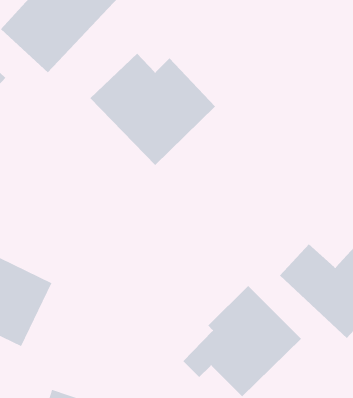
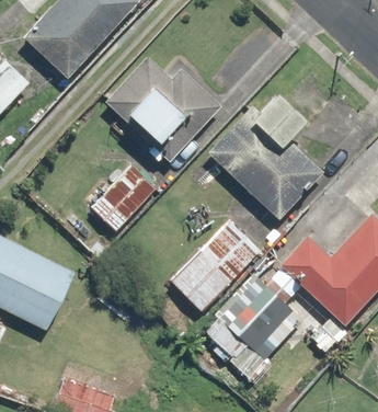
building: none -> [208,90,325,218]
building: none -> [91,169,153,231]
building: none -> [169,220,260,313]

